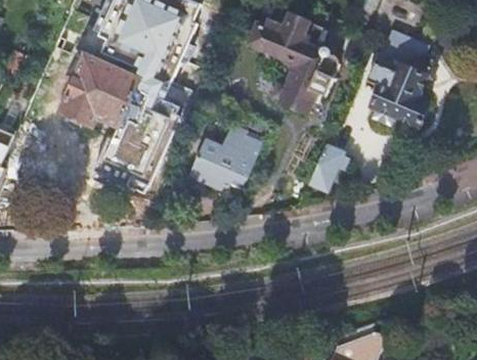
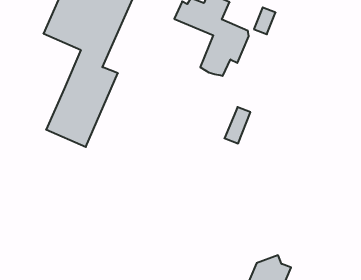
building: [363,29,433,125] -> none
building: [59,56,137,127] -> none
building: [188,127,261,189] -> none

